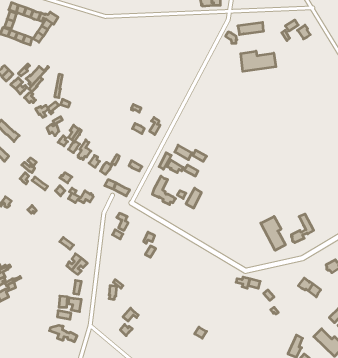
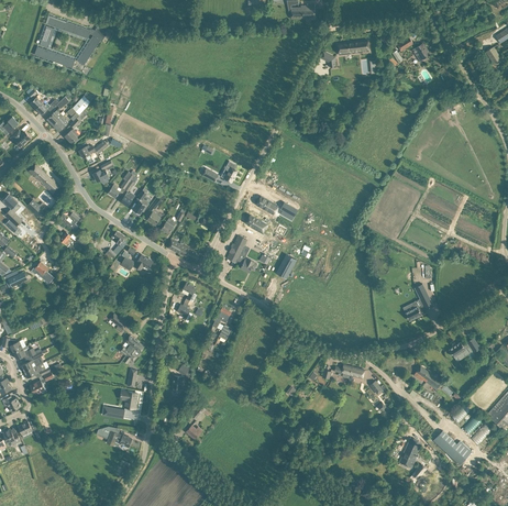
building: [241,51,276,71] -> none
building: [261,216,285,250] -> none

